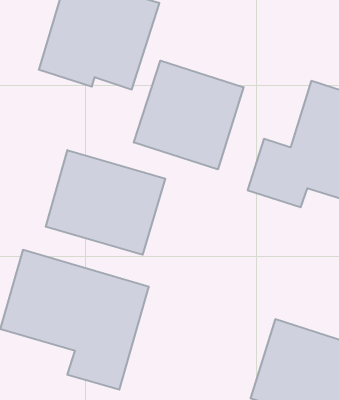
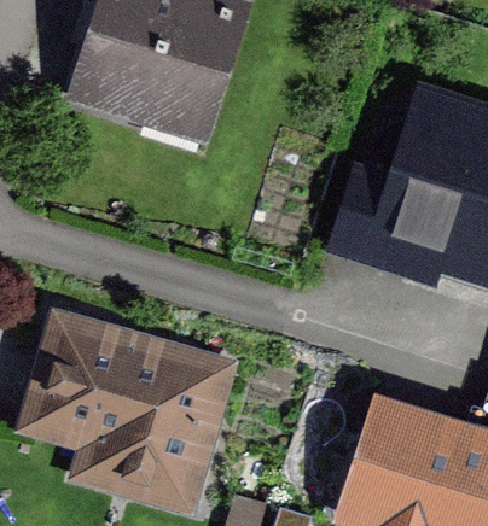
building: [134,61,244,169] -> none
building: [46,150,165,255] -> none

